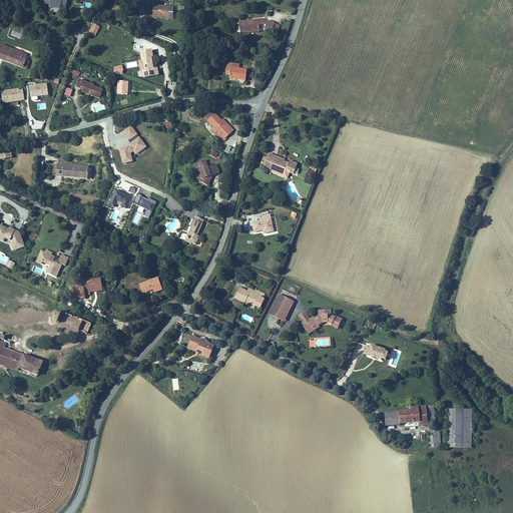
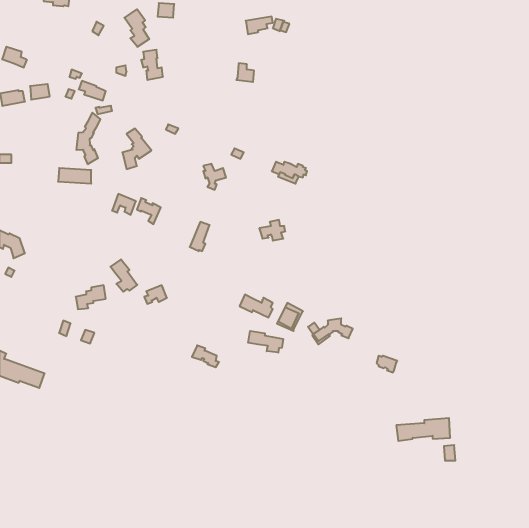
building: none -> [124,9,149,47]
building: none -> [77,113,100,164]
building: [205,111,232,140] -> none
building: [35,248,69,275] -> none
building: none -> [110,259,137,292]
building: none -> [248,331,283,353]
building: [448,408,471,446] -> none

